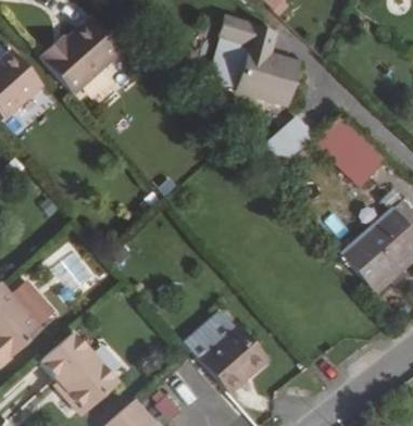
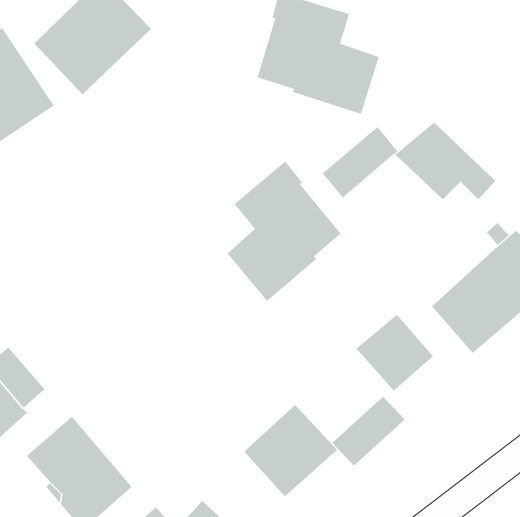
building: none -> [227,161,342,302]
building: none -> [356,314,434,391]
building: [182,305,236,358] -> [332,396,405,467]

